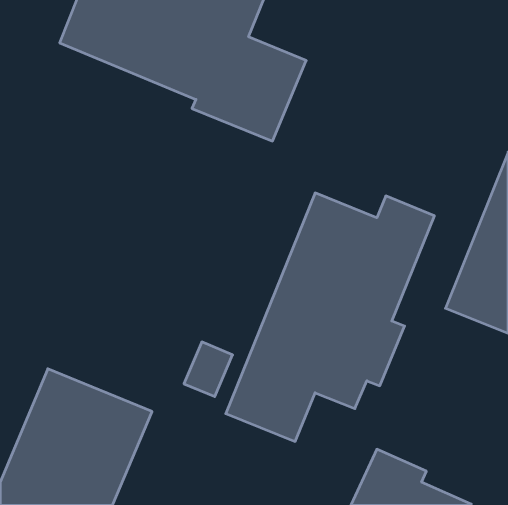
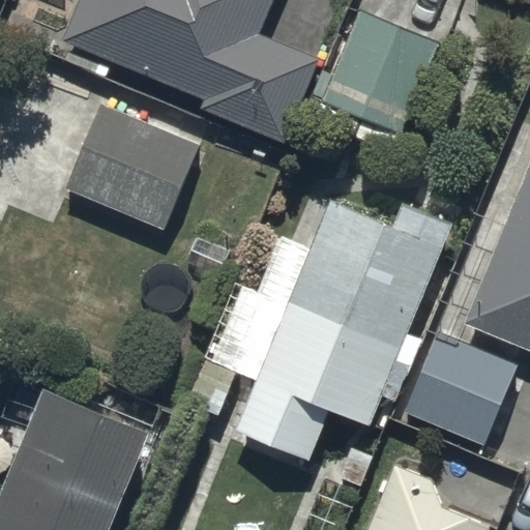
building: none -> [324,6,443,131]
building: none -> [66,101,201,228]
building: none -> [401,332,517,448]

